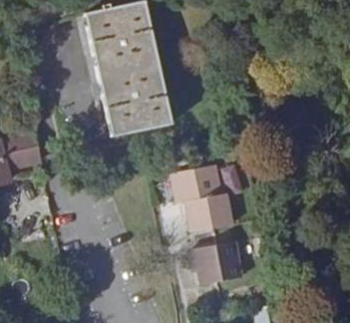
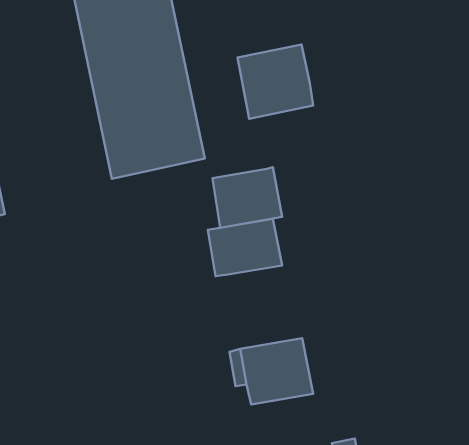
building: none -> [238,44,313,119]
building: [185,193,230,232] -> [213,167,282,228]

